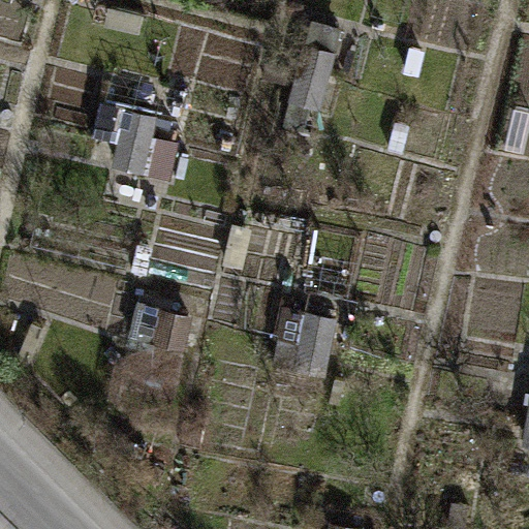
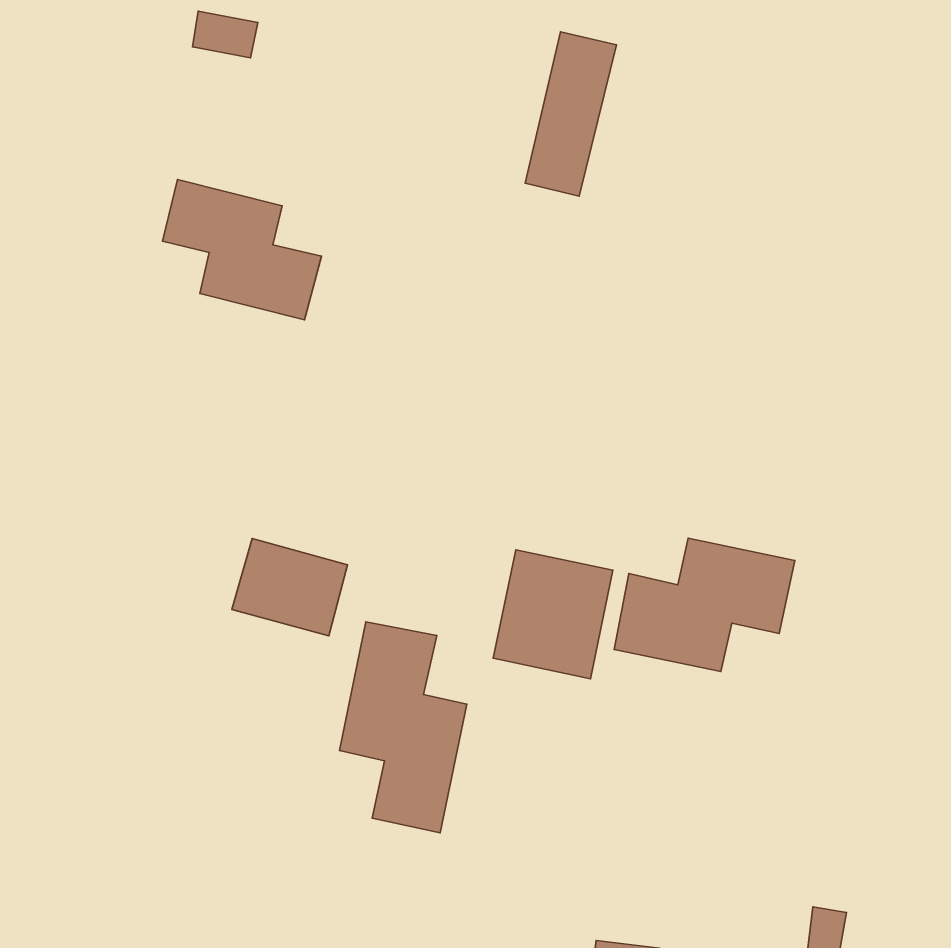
building: none -> [614,538,795,671]
building: none -> [339,622,467,833]

